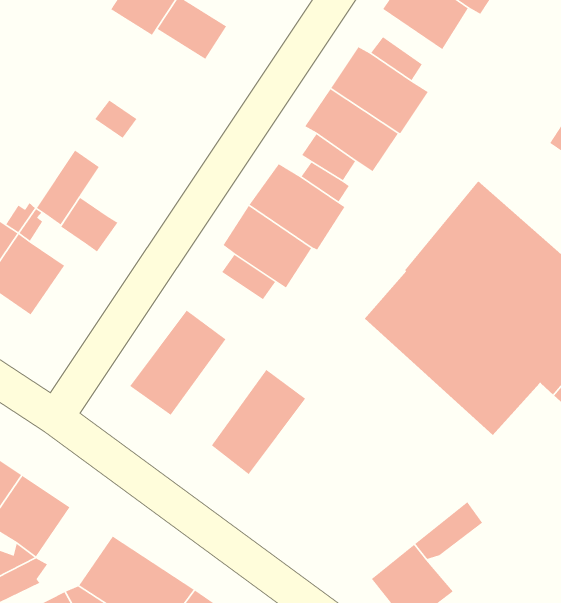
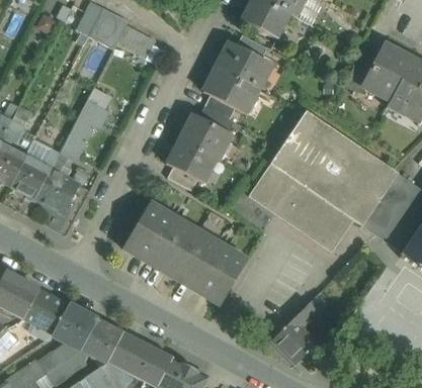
building: [60,197,118,253] -> [78,100,110,130]
building: none -> [149,215,199,276]
building: none -> [196,244,249,304]
building: none -> [82,319,123,363]

